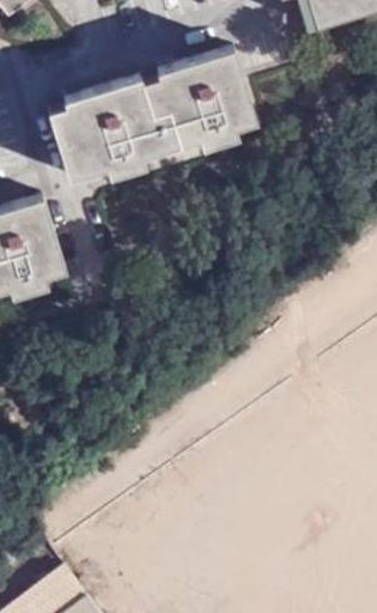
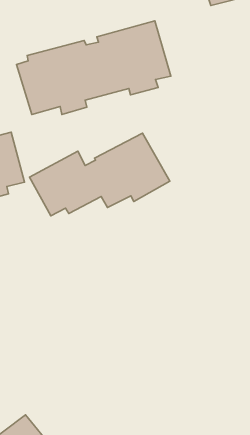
building: none -> [29,133,170,216]

